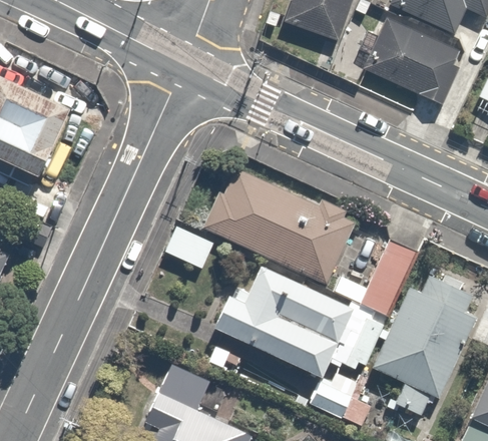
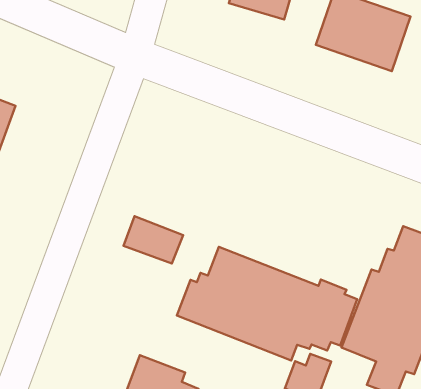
building: [203,159,364,290] -> none
building: [337,233,423,318] -> none

